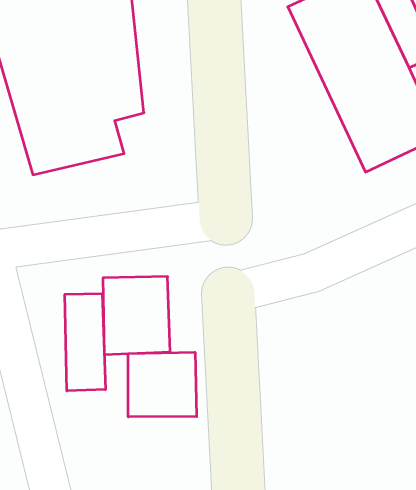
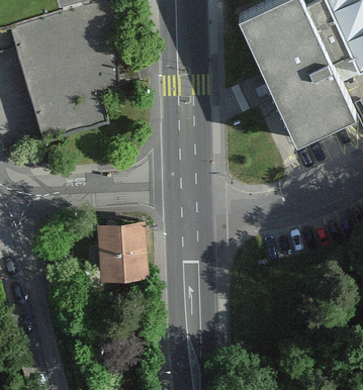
building: [65,294,105,391] -> none
building: [128,352,197,417] -> none

